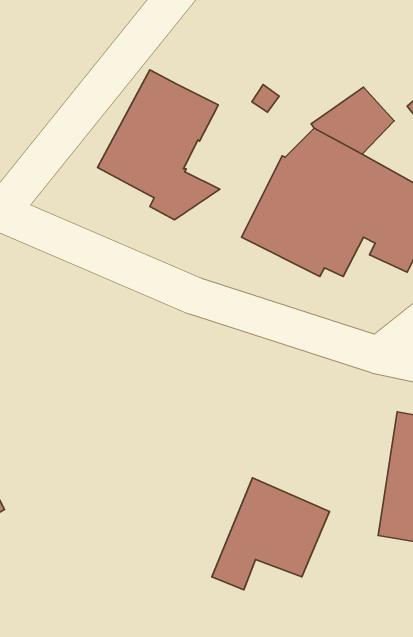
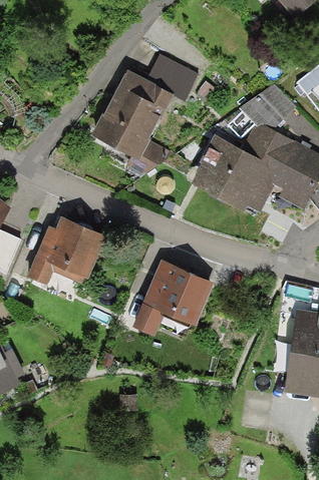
building: none -> [145,53,198,101]
building: none -> [27,216,106,286]
building: [212,478,330,590] -> [132,260,214,337]

